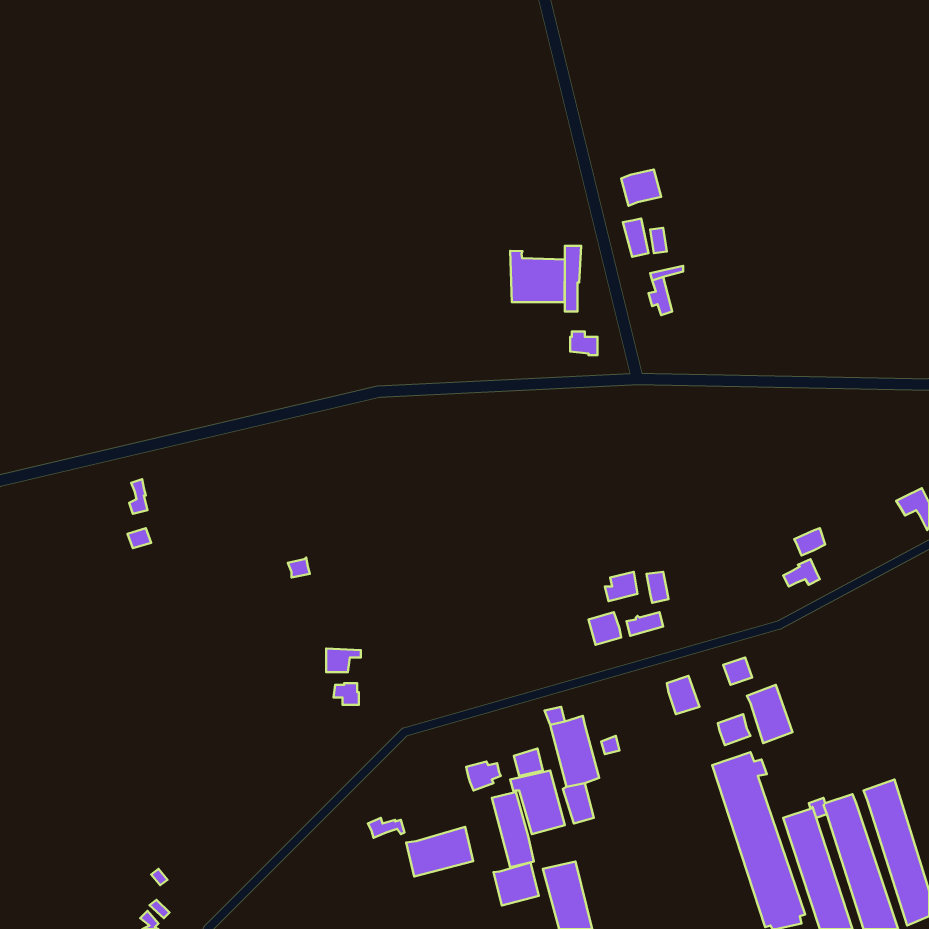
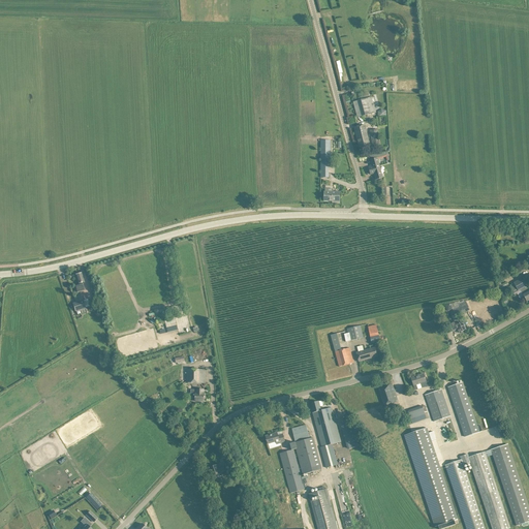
building: [510,251,565,302] -> none
building: none -> [447,381,478,436]
building: [406,827,473,877] -> none
building: [494,862,539,906] -> none

